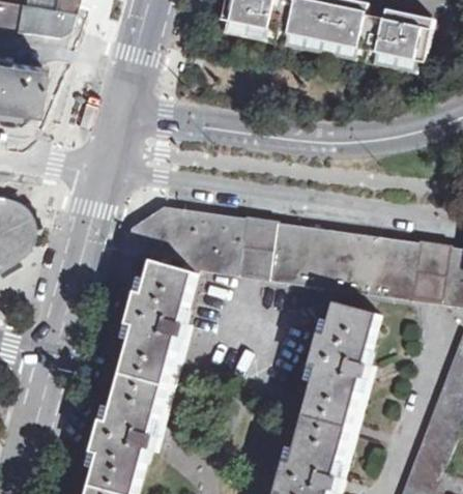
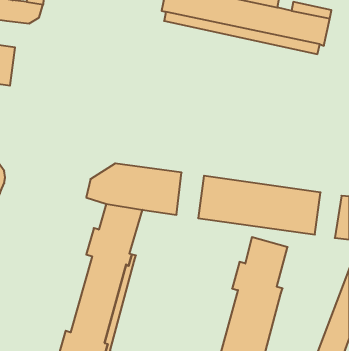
building: [238,221,272,278] -> none
building: [411,245,444,302] -> none

